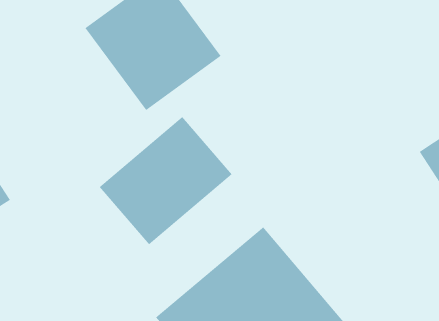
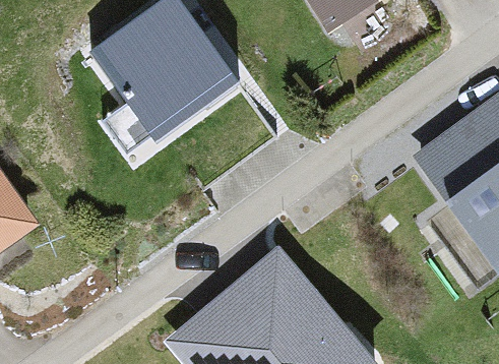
building: [99,116,233,245] -> none

